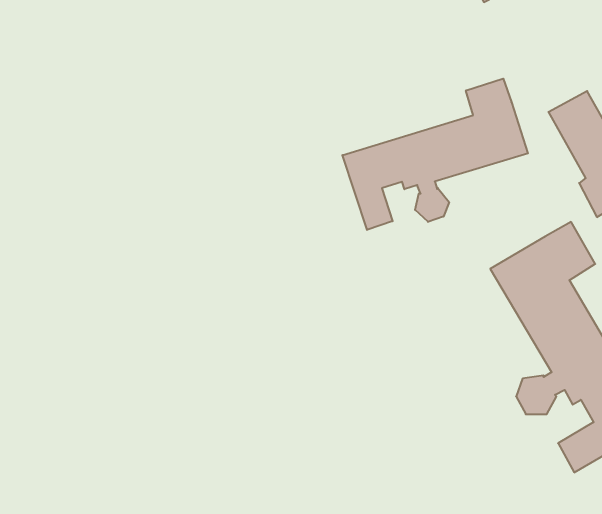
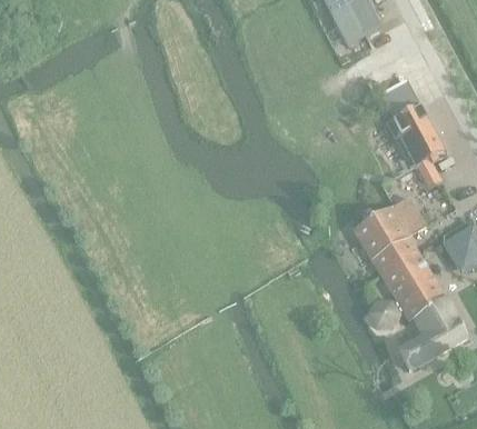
building: [342,79,528,230] -> none

